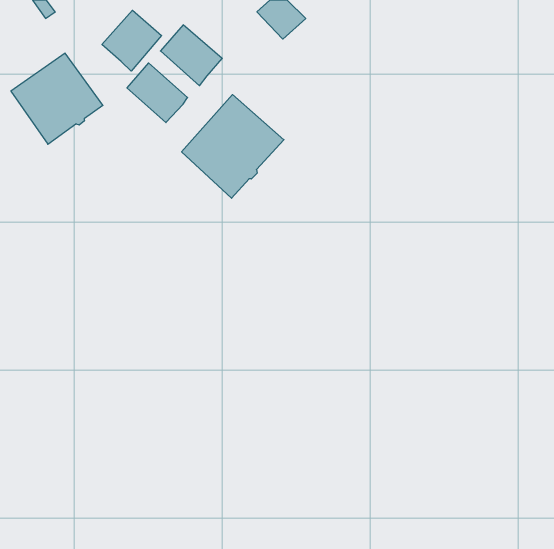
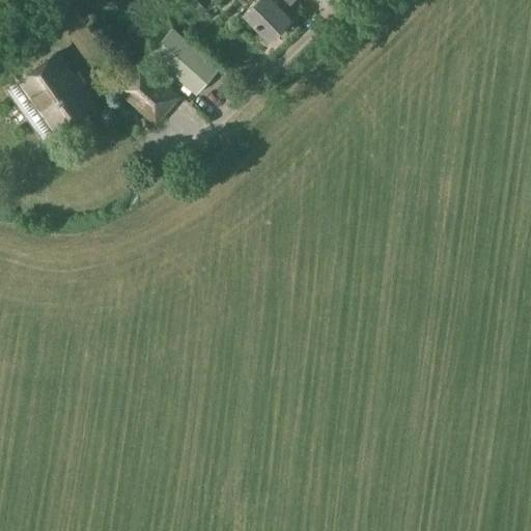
building: [102,10,162,71] -> none
building: [182,95,284,198] -> none

